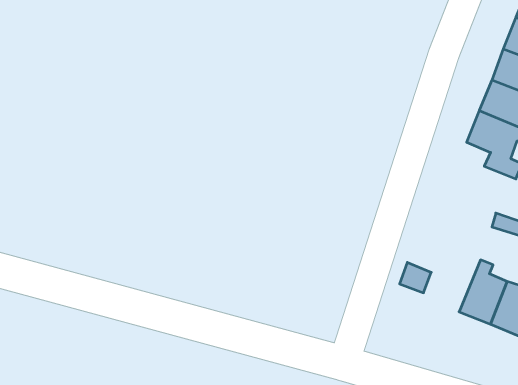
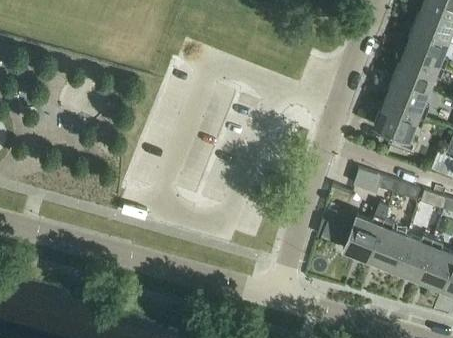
building: none -> [354,169,397,193]
building: none -> [343,204,389,260]

